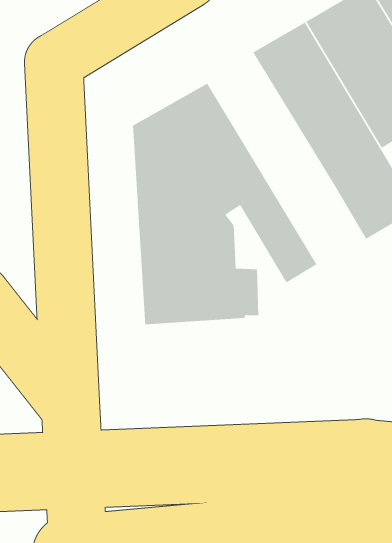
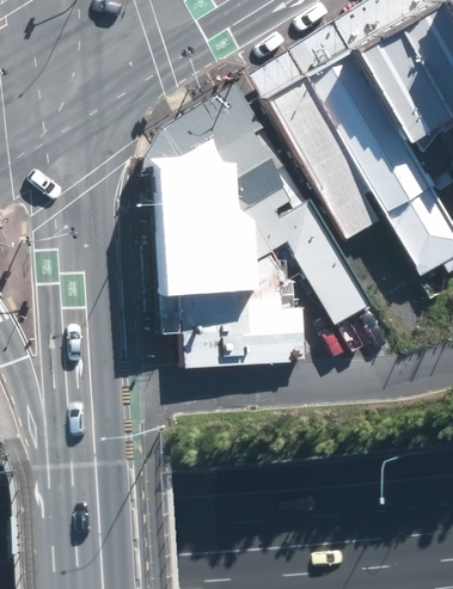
building: none -> [250,59,375,223]

